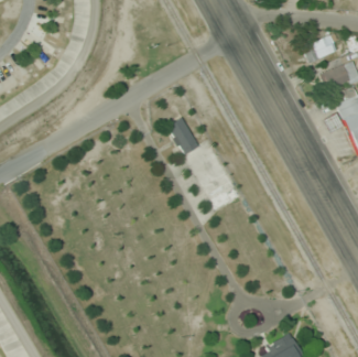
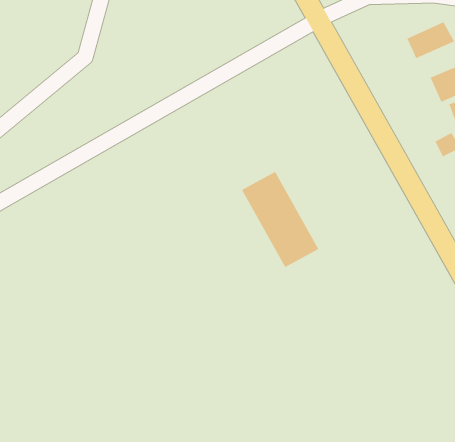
building: [166,118,198,152] -> none

